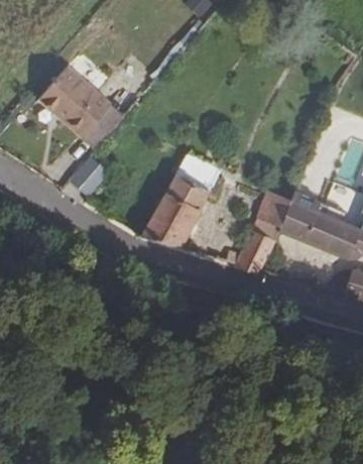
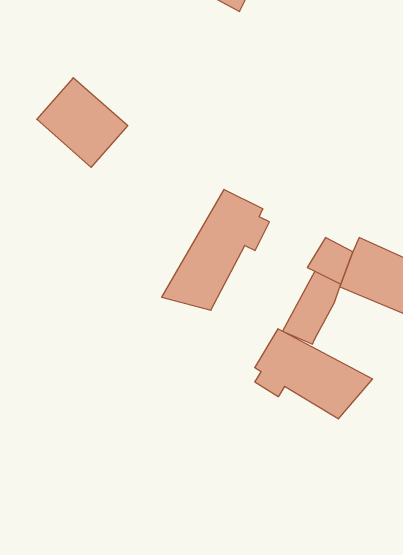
building: [68,156,108,198] -> none
building: none -> [255,329,373,419]

